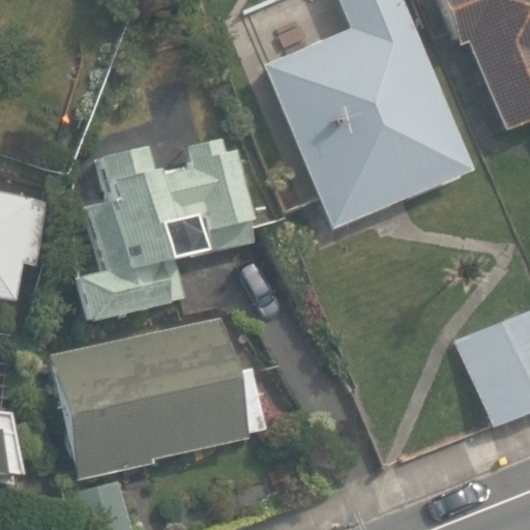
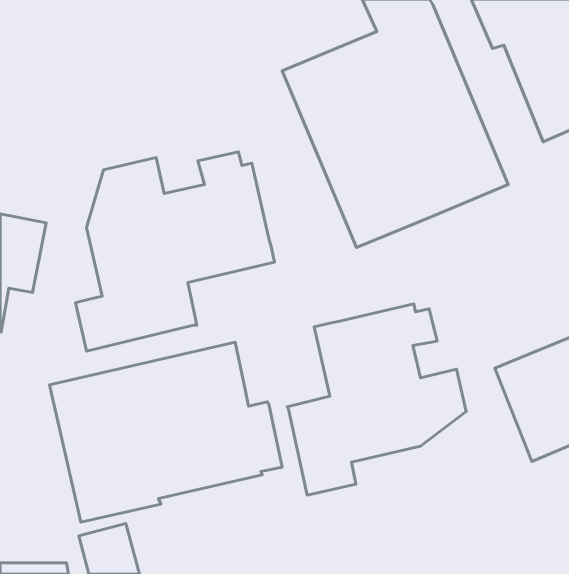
building: none -> [287,304,466,495]

